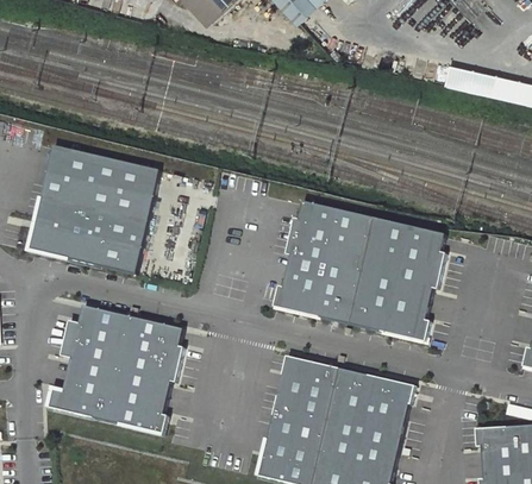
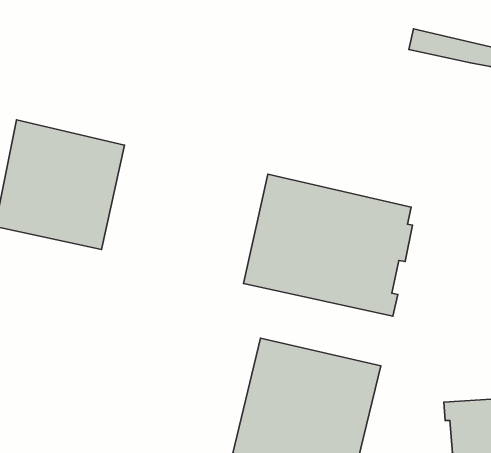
building: [50,308,182,433] -> none

